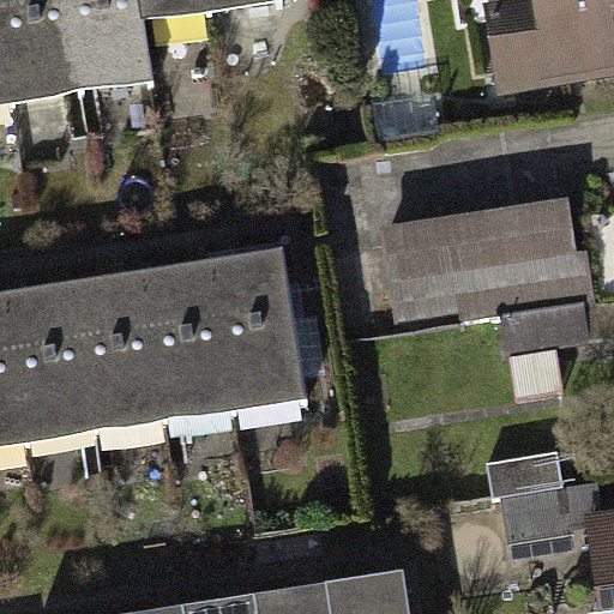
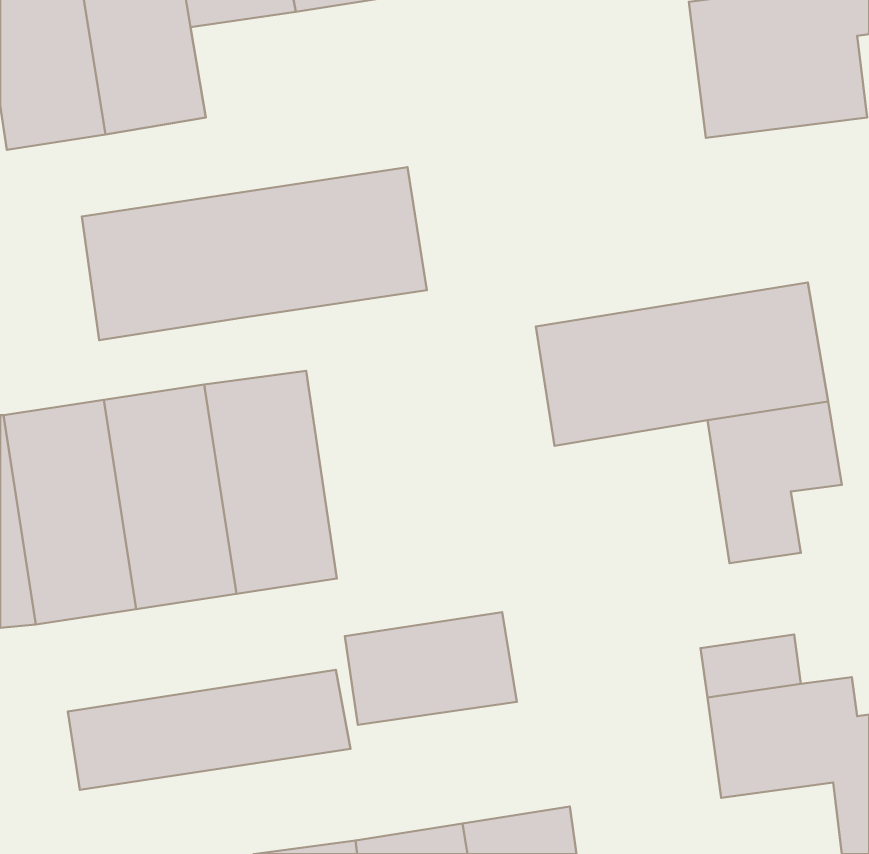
building: none -> [82,167,427,340]
building: [216,251,308,408] -> none
building: none -> [345,612,517,725]
building: none -> [68,670,350,790]

